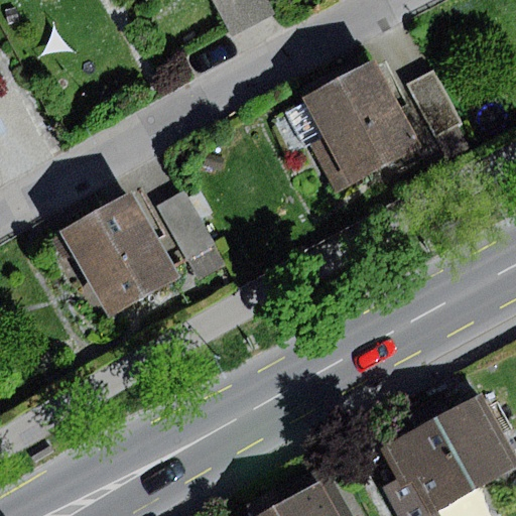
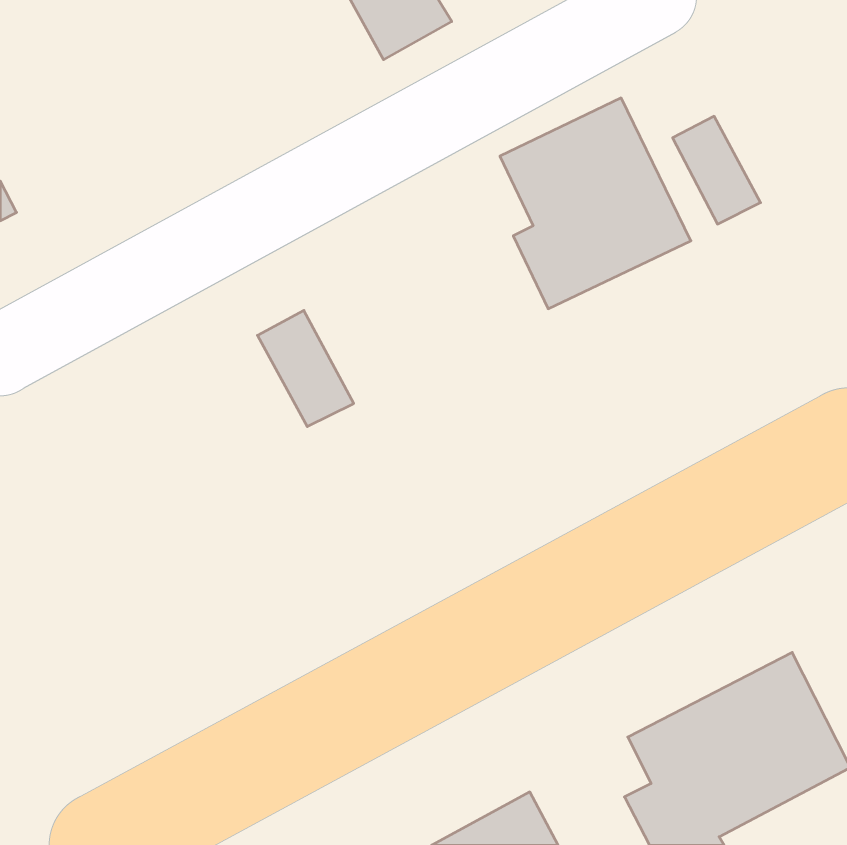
building: [59,191,181,316] -> none

